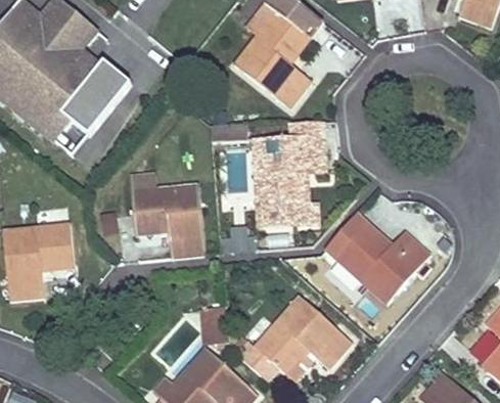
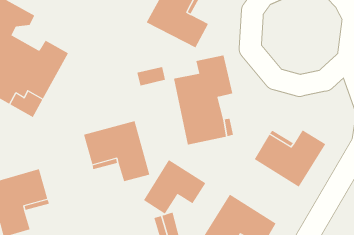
building: none -> [143,159,206,215]

